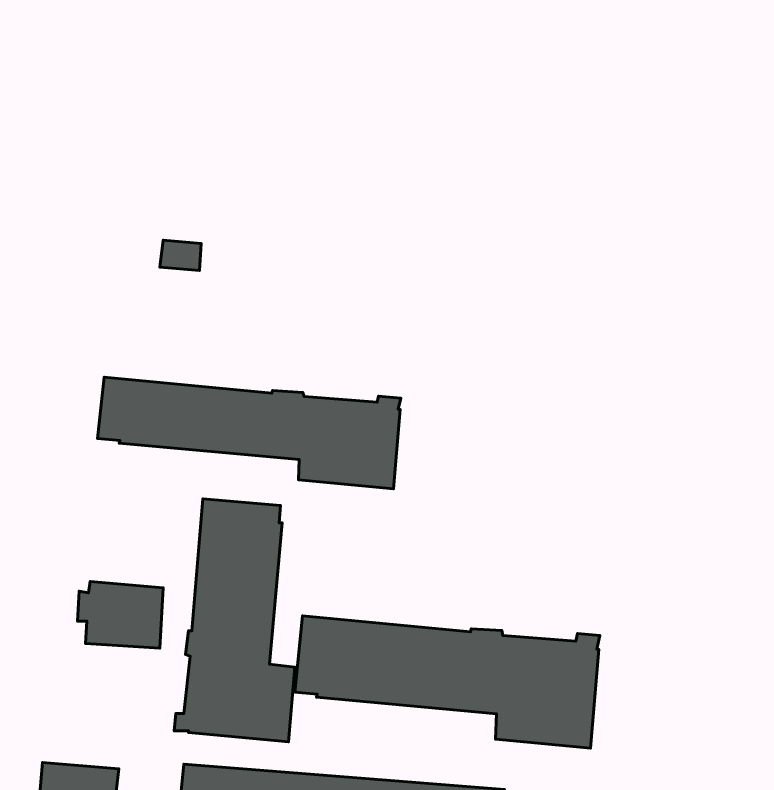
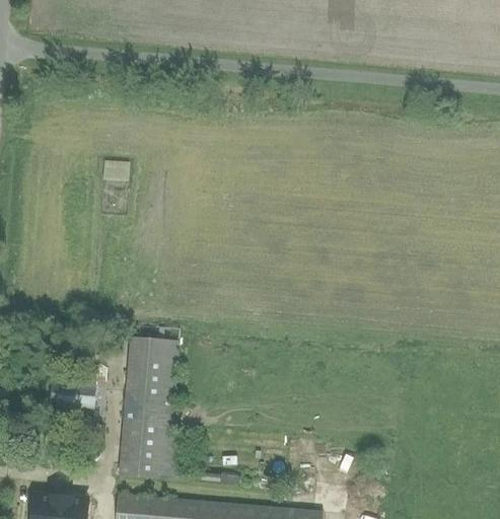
building: [98,377,401,489] -> none
building: [295,616,600,748] -> none

